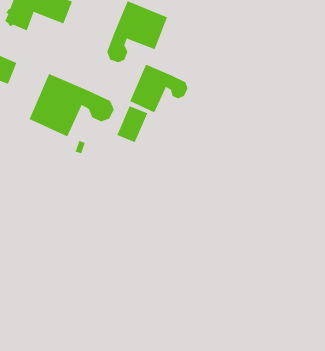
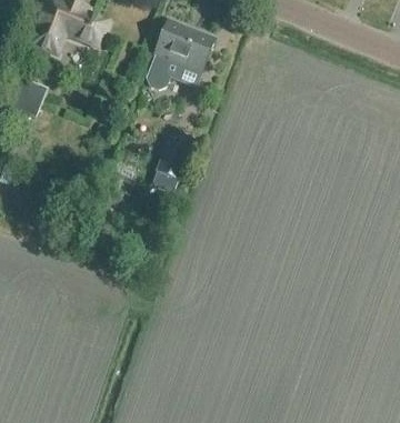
building: [129,64,188,113] -> none
building: [29,73,115,137] -> none

